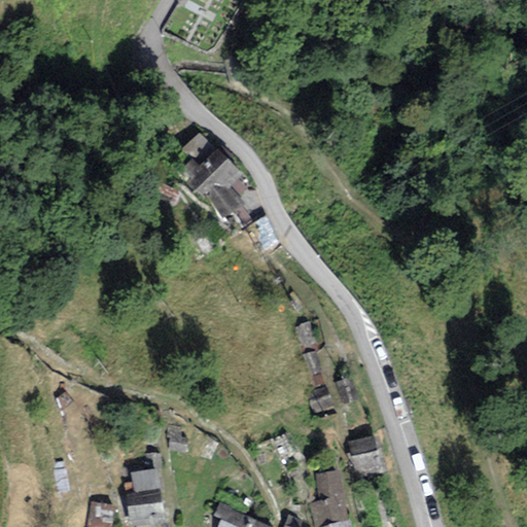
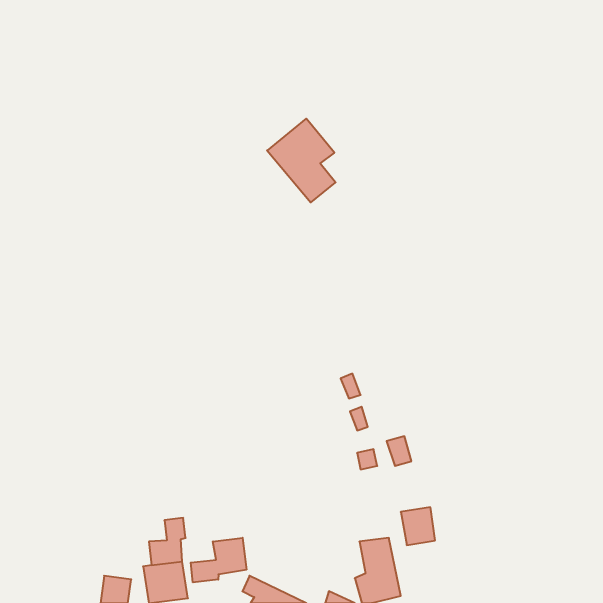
building: [183,149,243,222] -> [267,119,336,202]
building: none -> [191,538,246,582]

